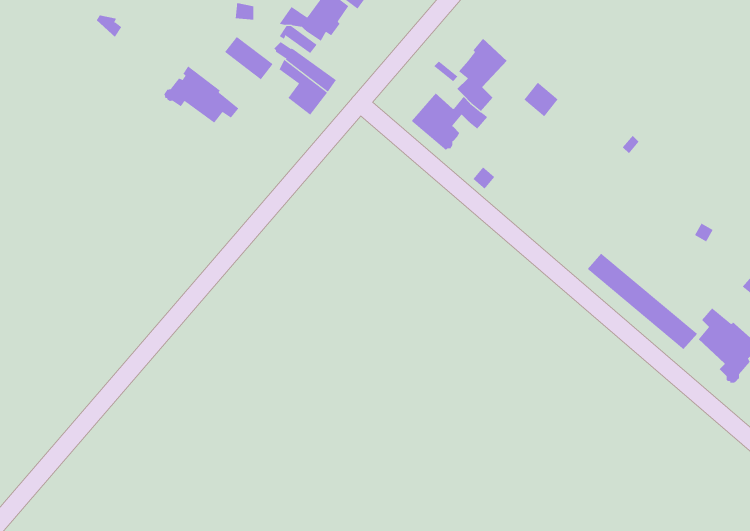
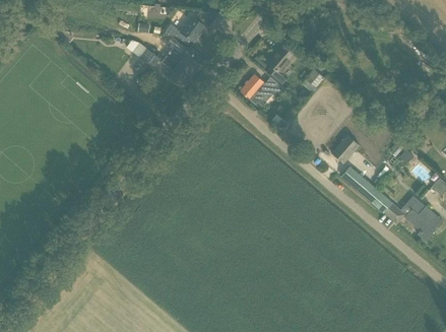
building: [164,66,239,124] -> none
building: none -> [330,133,359,162]

